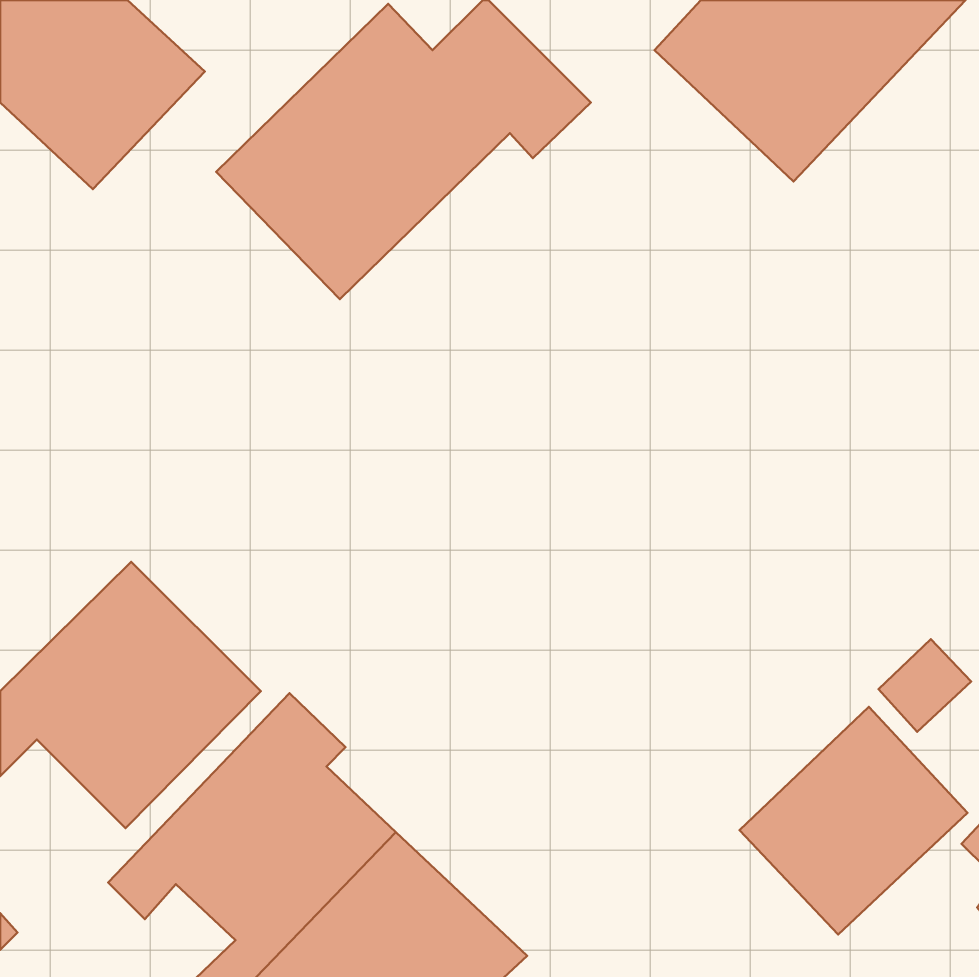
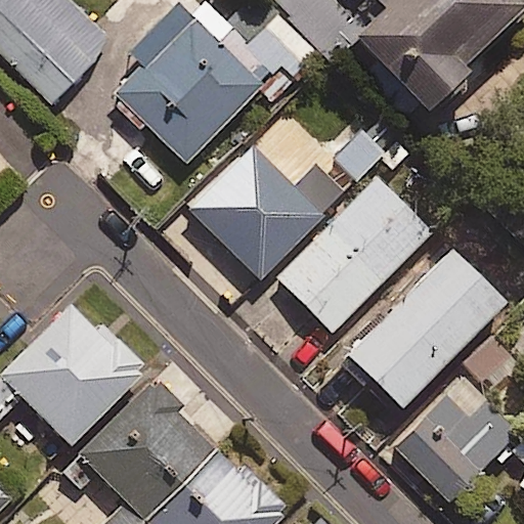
building: none -> [190,148,348,279]
building: none -> [278,179,432,333]
building: none -> [348,246,506,405]

